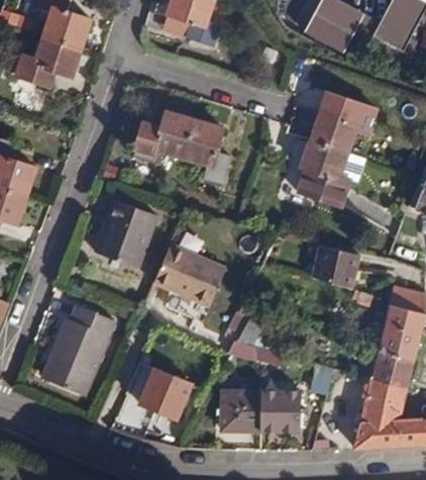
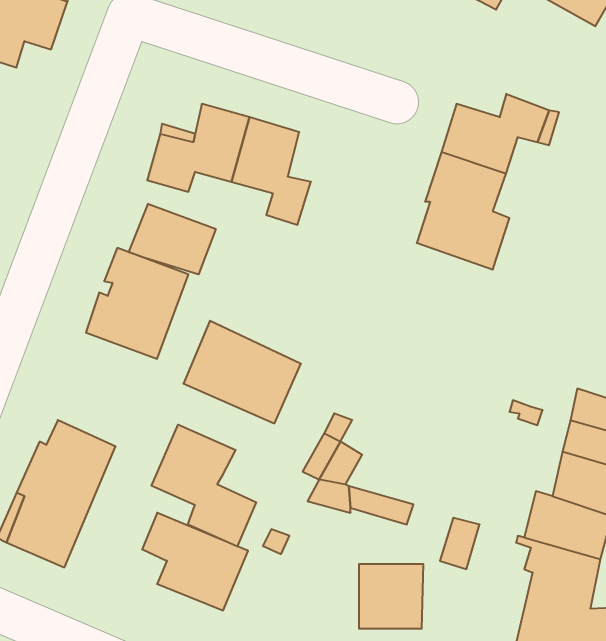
building: none -> [129,204,216,274]
building: [312,243,359,291] -> none
building: none -> [151,425,256,546]
building: [222,390,260,430] -> none

